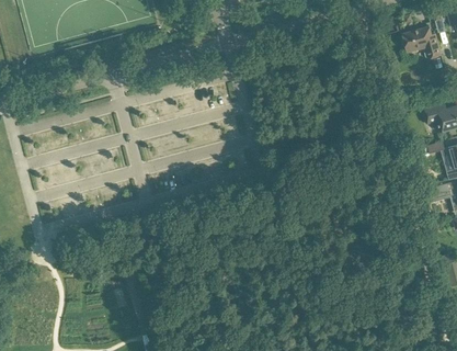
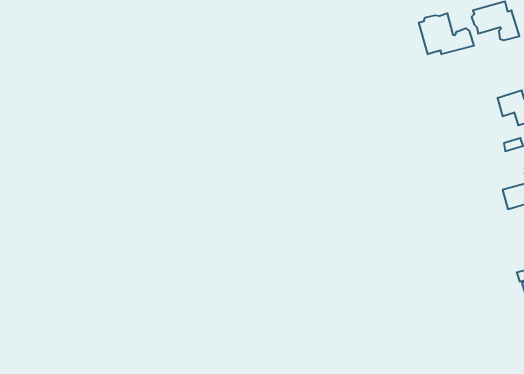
building: none -> [419,13,474,54]

